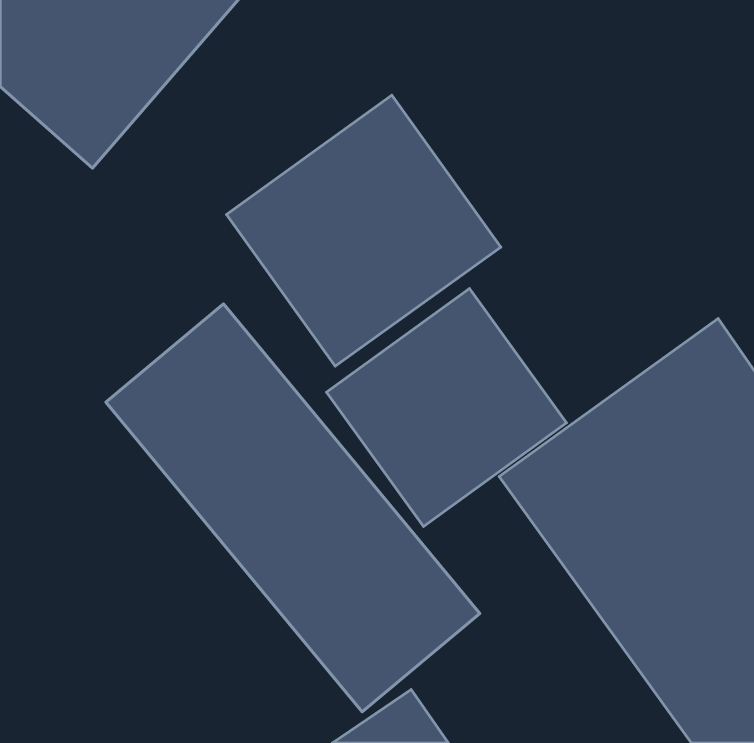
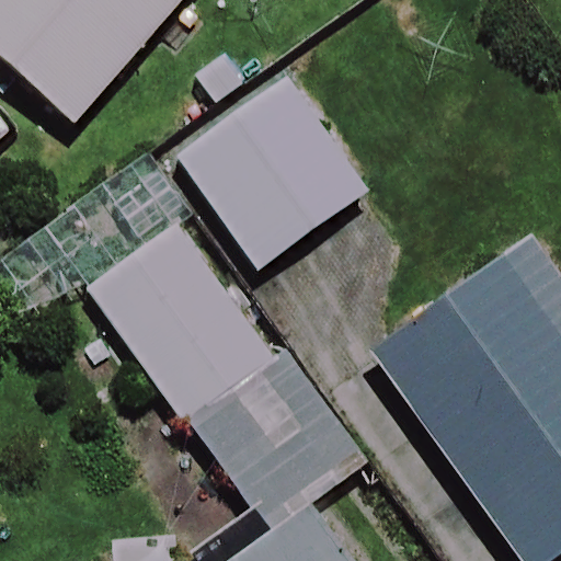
building: [327,289,566,526] -> none

